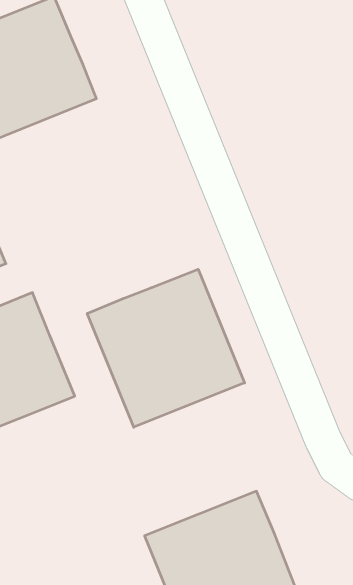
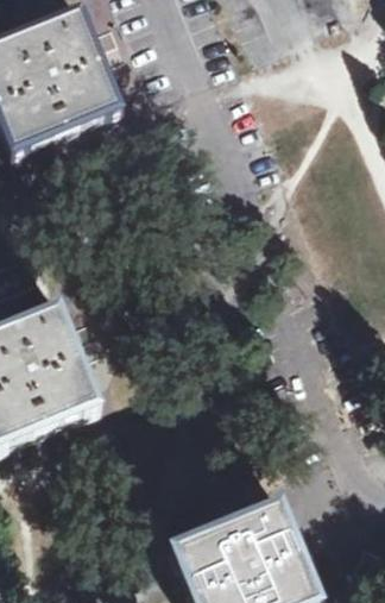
building: [87,269,245,427] -> none

